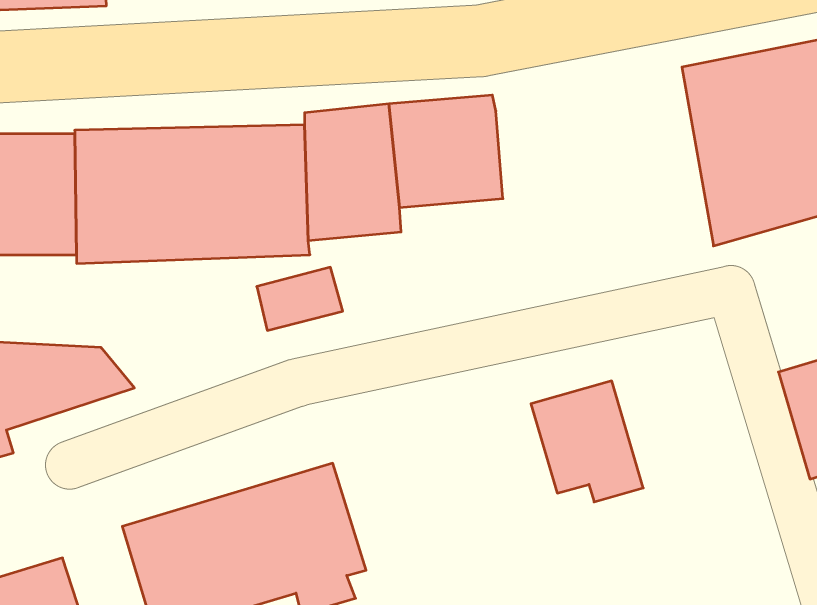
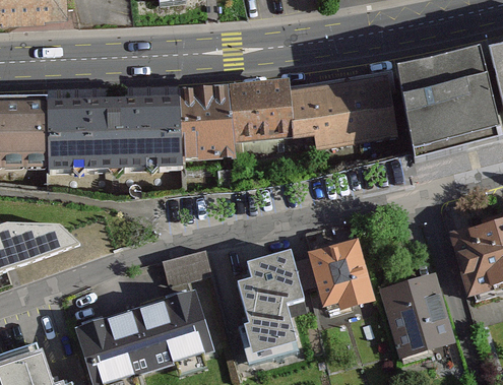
building: none -> [290,69,401,148]
building: [257,267,343,330] -> [162,248,211,284]
building: none -> [236,248,301,365]
building: none -> [382,278,453,359]

